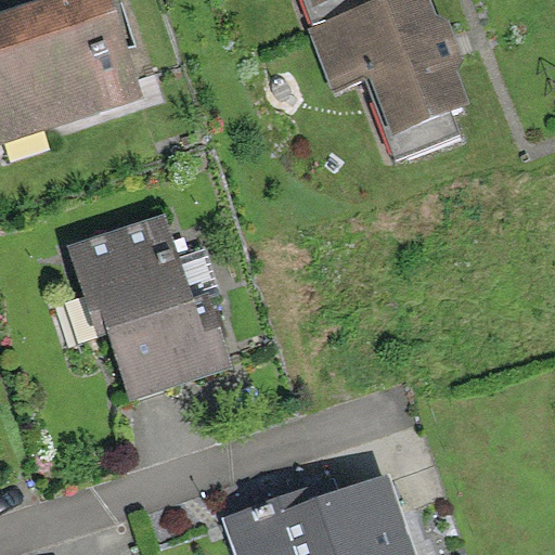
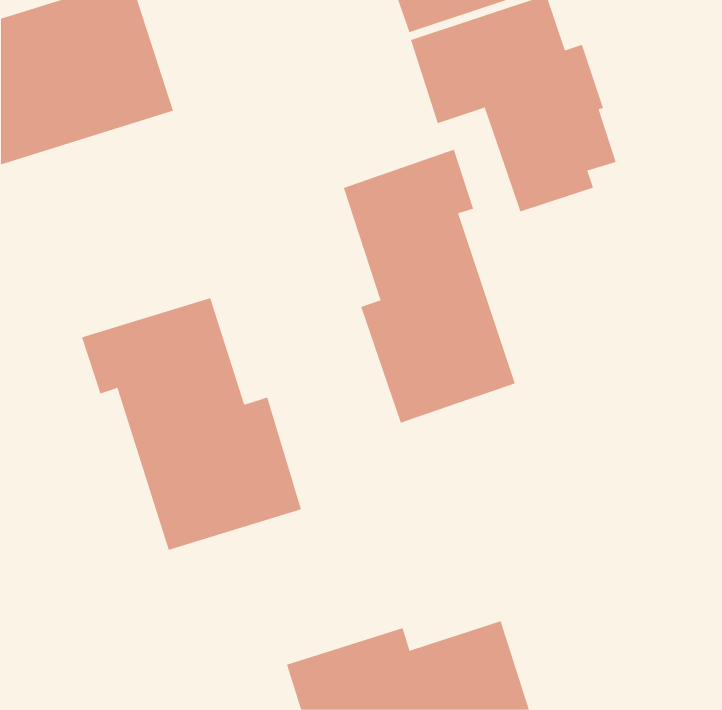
building: none -> [343,149,515,424]

